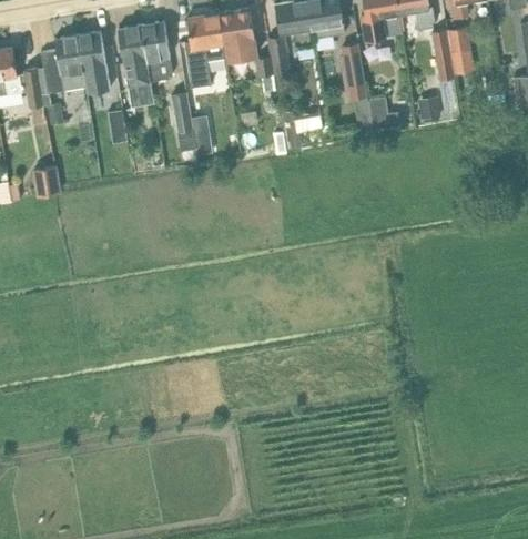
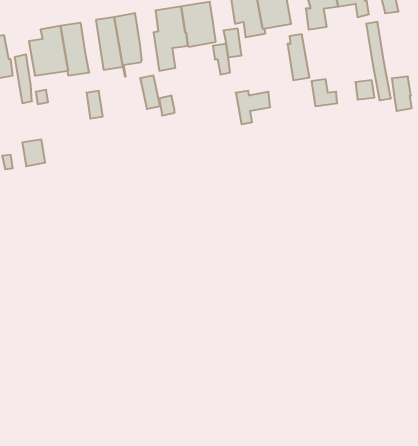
building: [448,27,471,67] -> [392,77,412,111]

